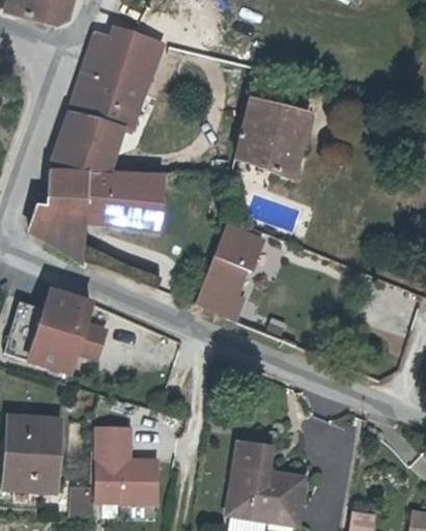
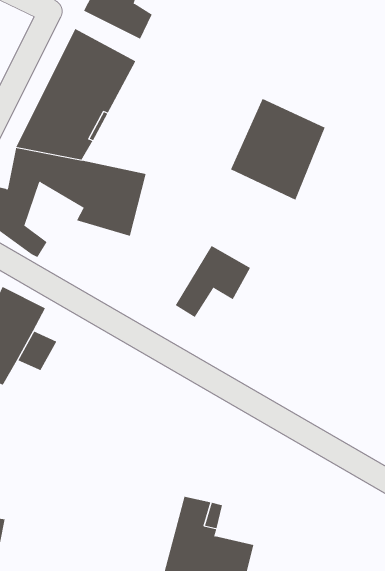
building: [88,39,164,83] -> none
building: [69,195,116,245] -> none
building: [198,264,251,316] -> none
building: [92,425,154,500] -> none

